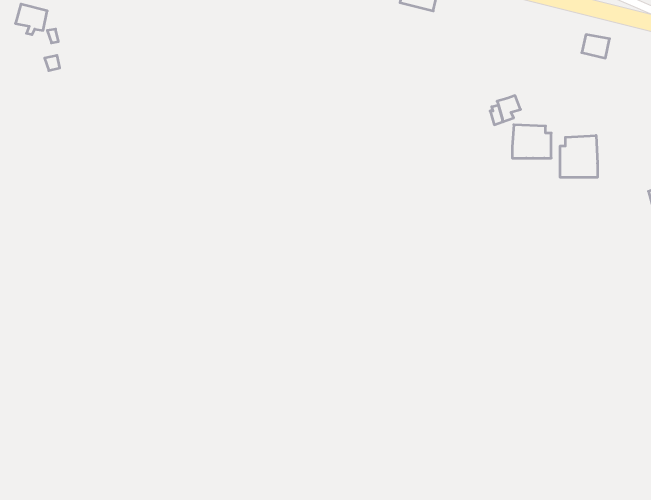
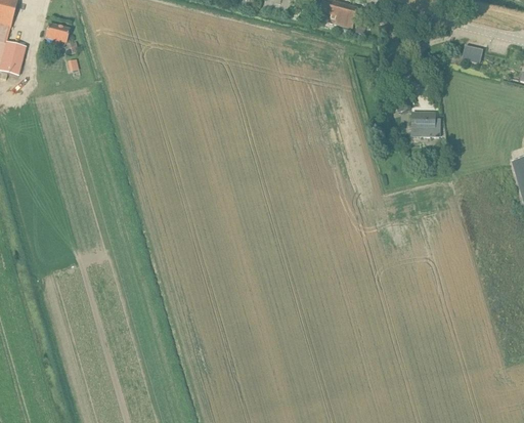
building: [560,135,597,177] -> none

